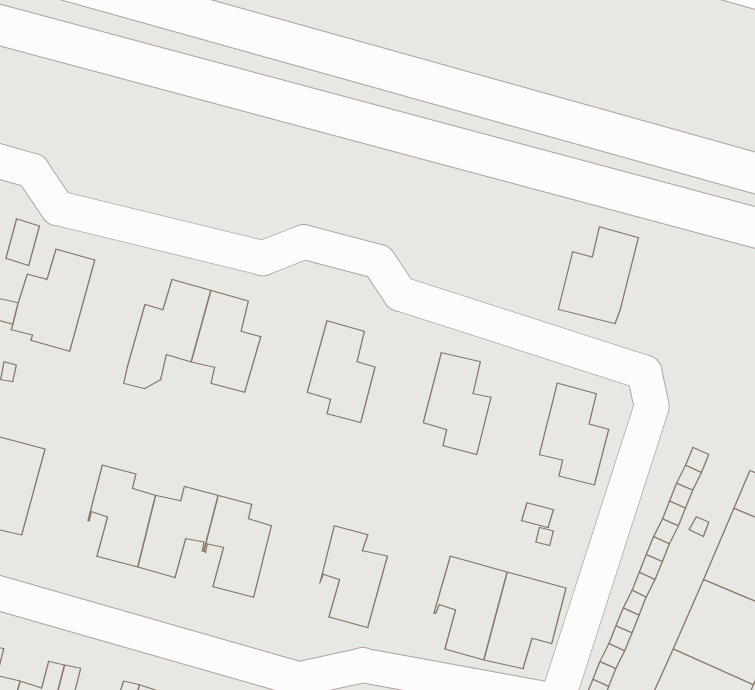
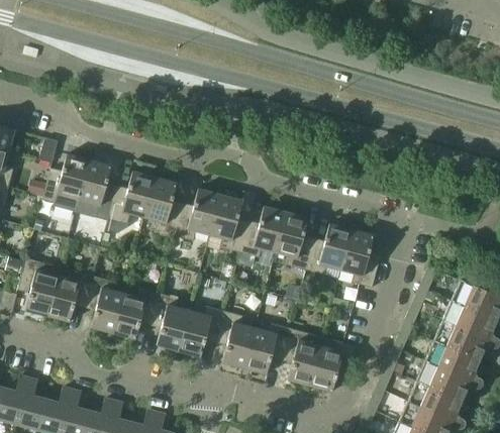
building: [558,227,639,323] -> [306,224,352,279]
building: none -> [76,160,118,221]
building: none -> [175,189,221,240]
building: none -> [240,207,286,257]
building: none -> [48,267,94,322]
building: none -> [180,306,225,357]
building: none -> [244,323,291,374]

